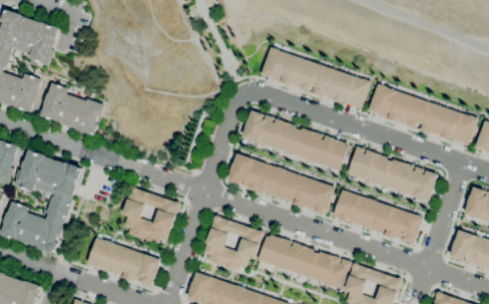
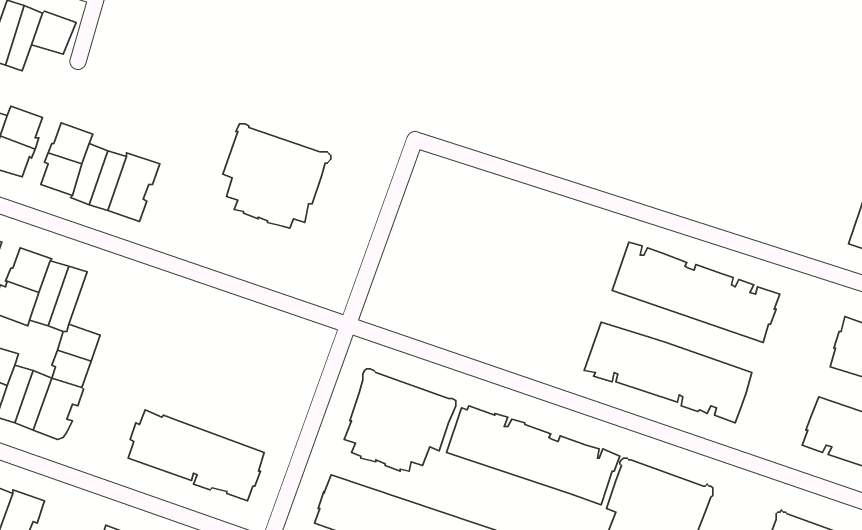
building: [29,40,55,65] -> none
building: [262,46,371,109] -> none
building: [368,83,478,146] -> none
building: [242,110,348,171] -> none
building: [227,154,335,214] -> none
building: [55,163,82,197] -> none
building: [122,187,180,243] -> [223,124,331,228]

